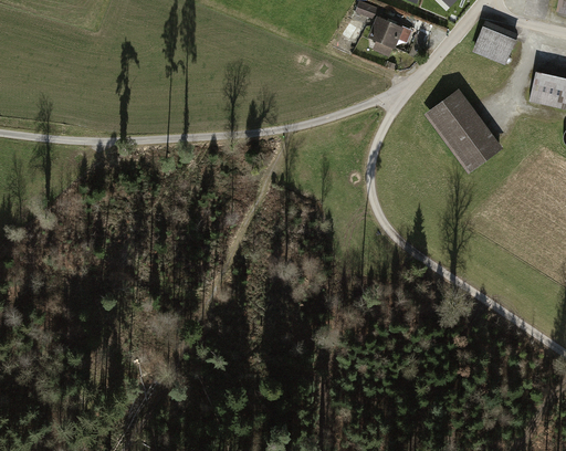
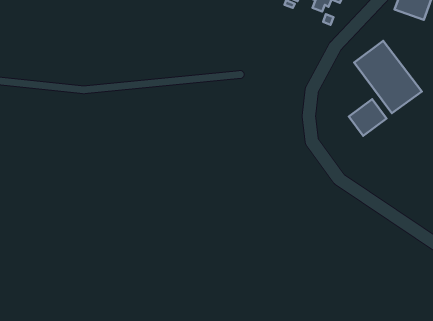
building: none -> [349,99,386,136]

